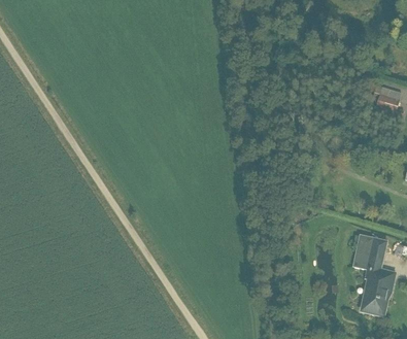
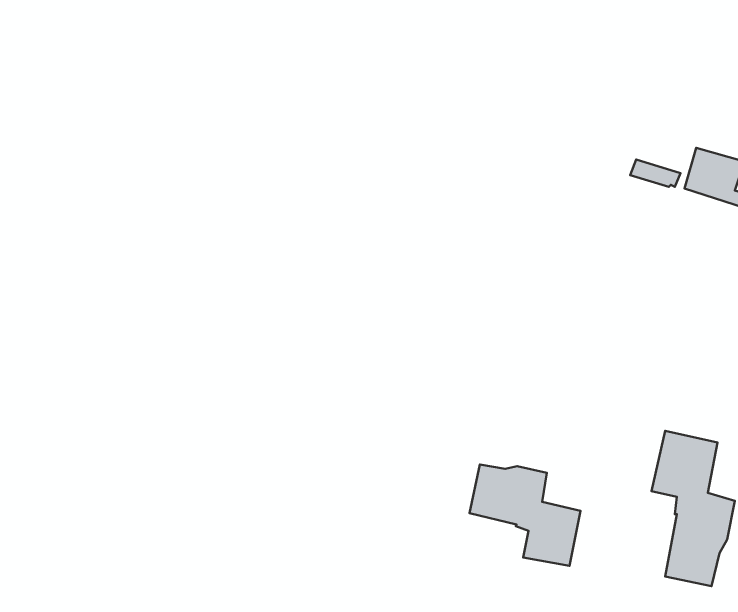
building: none -> [470,464,580,566]

